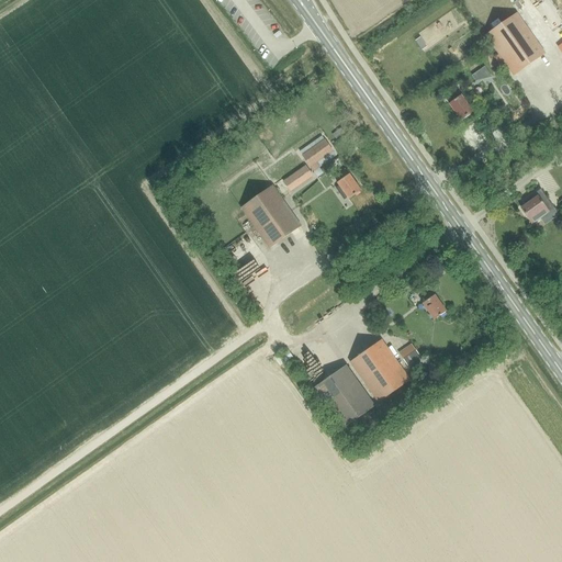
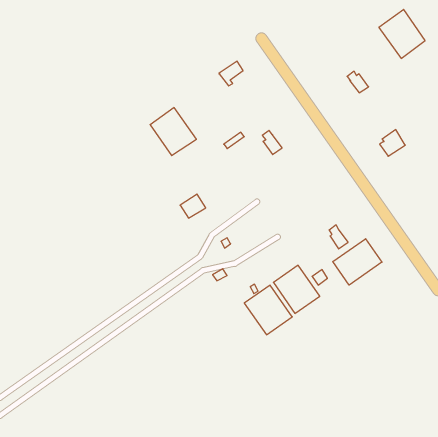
building: [302,137,333,169] -> [219,61,243,86]
building: [241,184,301,246] -> [150,108,196,156]
building: [520,188,553,222] -> [380,130,405,156]
building: none -> [333,239,382,285]

